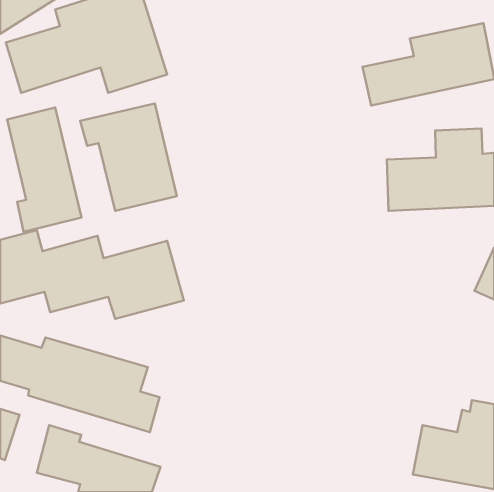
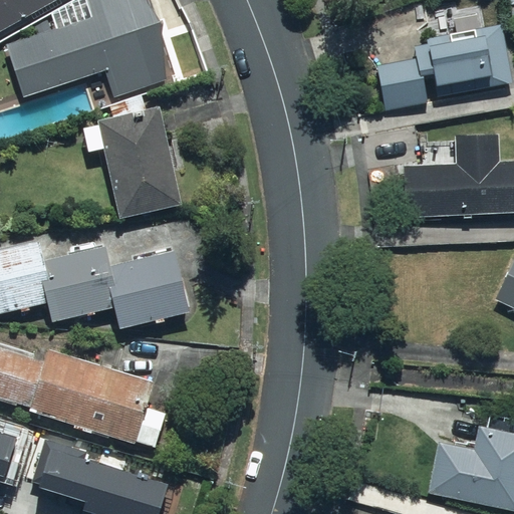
building: [7,108,82,232] -> none

